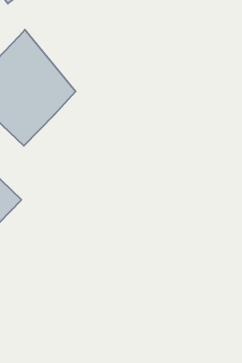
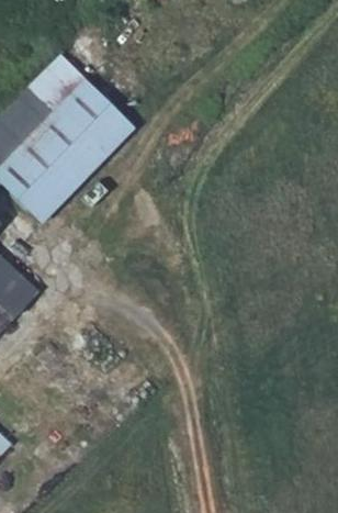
building: none -> [44,55,133,150]

